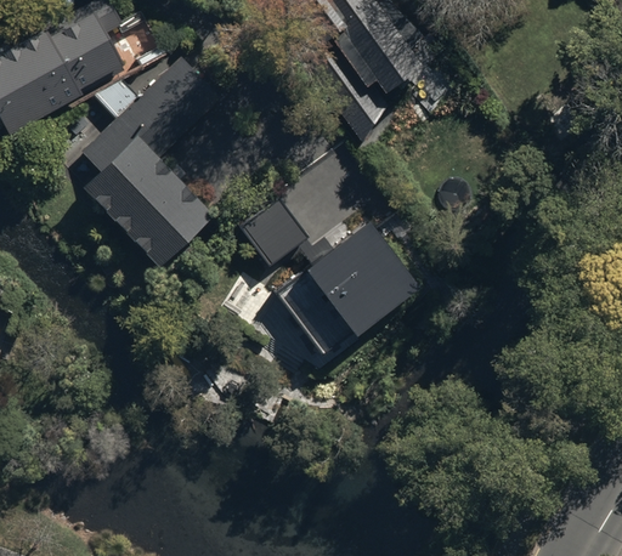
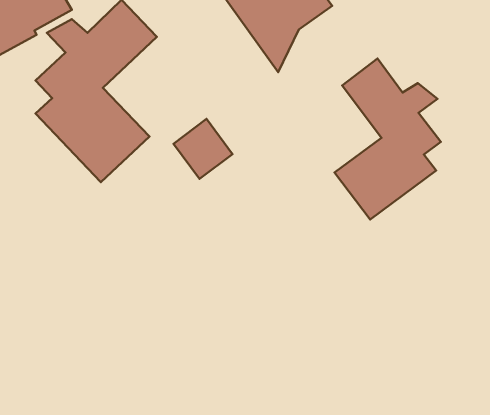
building: none -> [334,59,441,220]
building: [276,217,425,358] -> none

